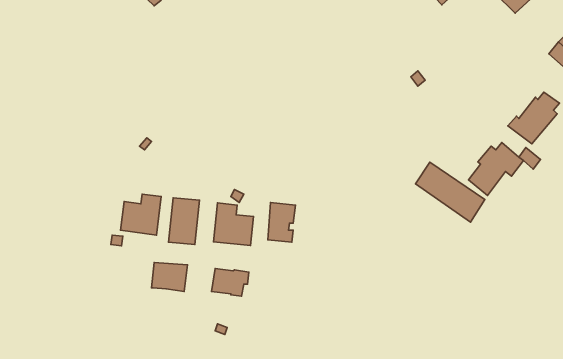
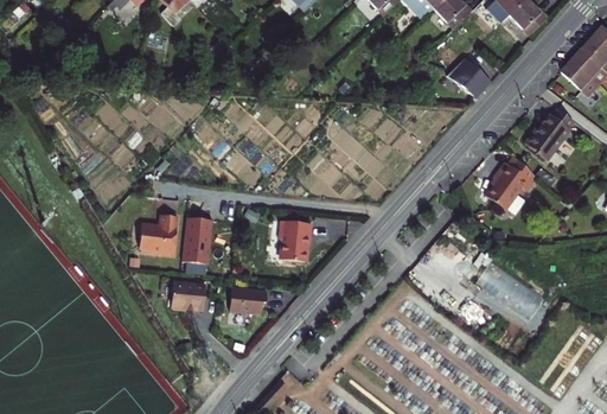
building: none -> [451,60,491,100]
building: [415,162,485,222] -> [475,259,544,318]
building: [213,203,254,246] -> none

